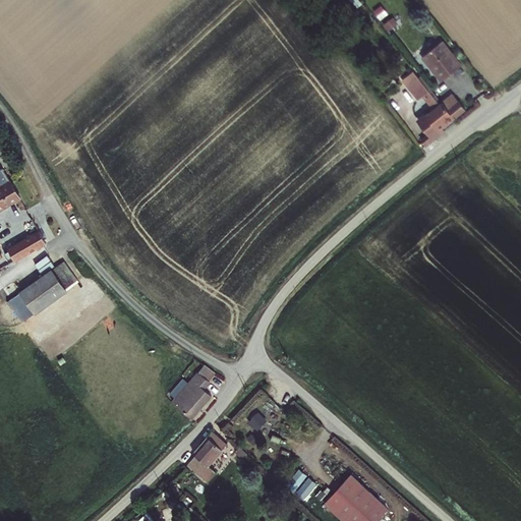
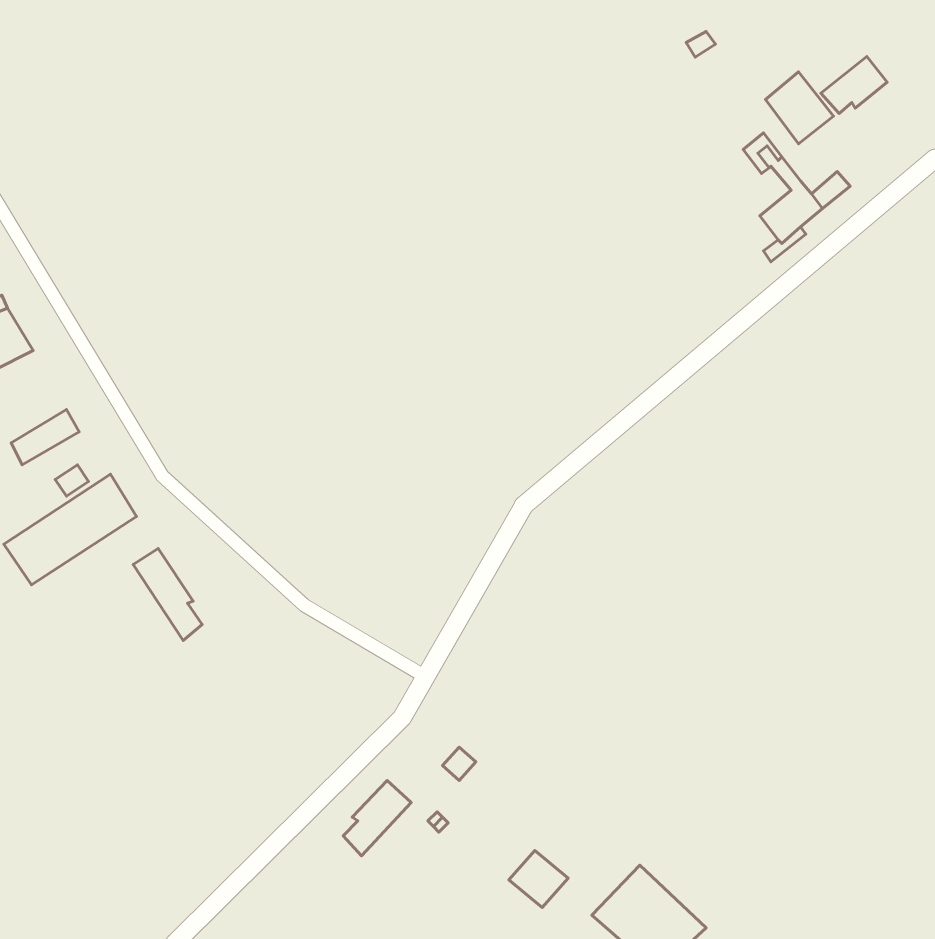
building: none -> [821,57,887,113]
building: none -> [133,548,202,641]
building: [169,373,209,417] -> none

